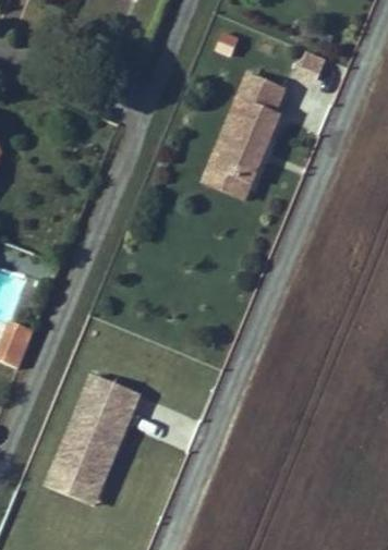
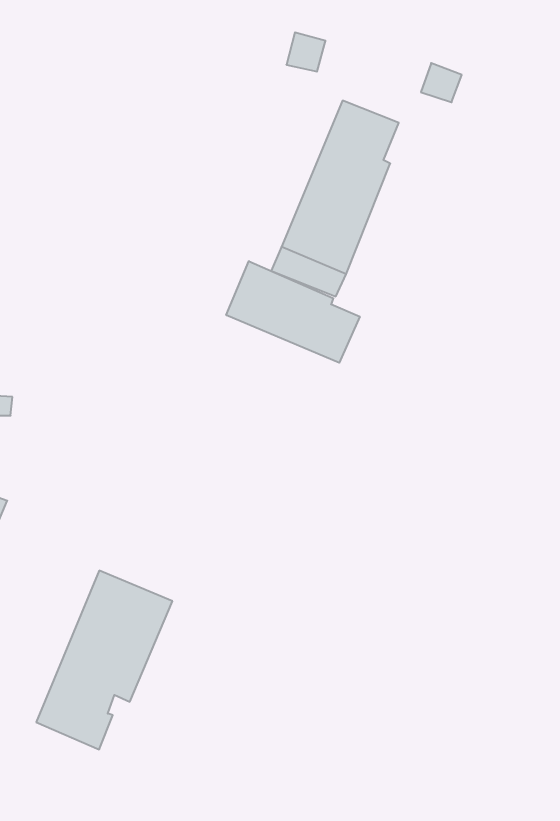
building: none -> [226,261,360,363]
building: [46,453,112,503] -> none

